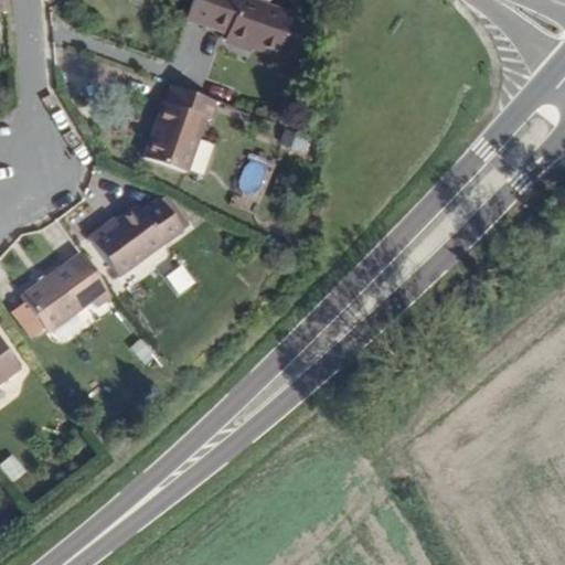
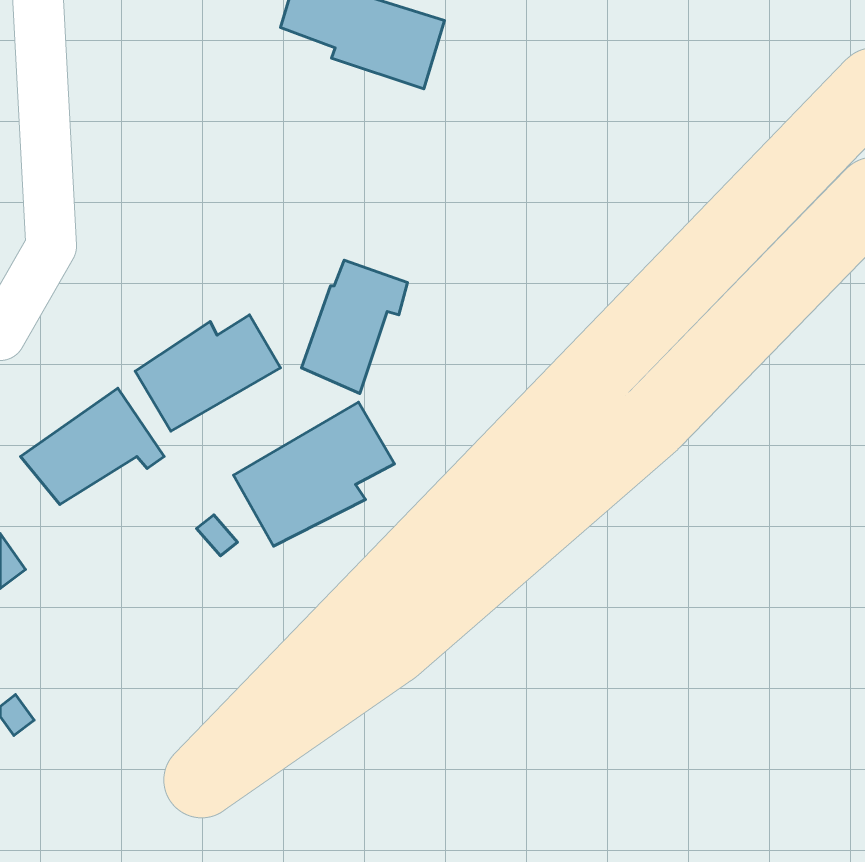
building: [145,86,213,172] -> [302,260,408,394]
building: none -> [234,402,394,546]

